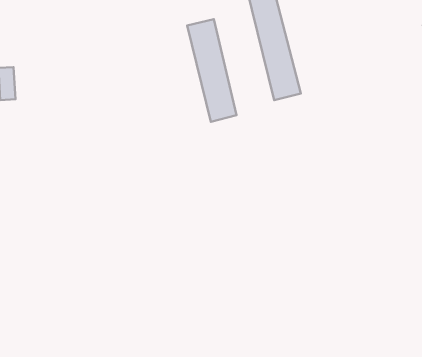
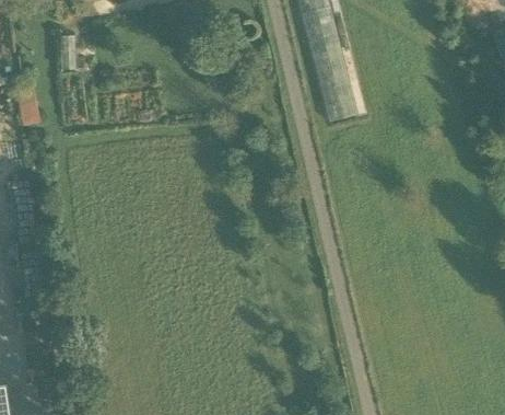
building: [187,19,237,122] -> none

